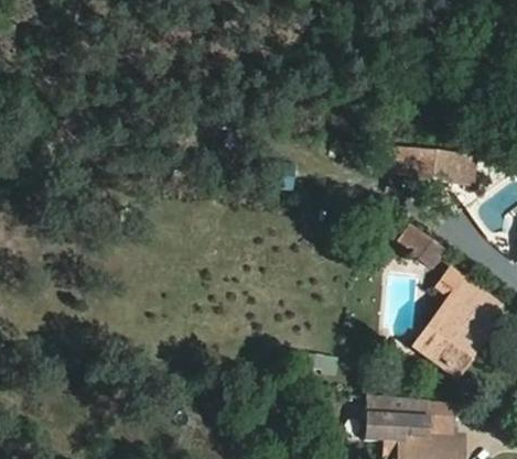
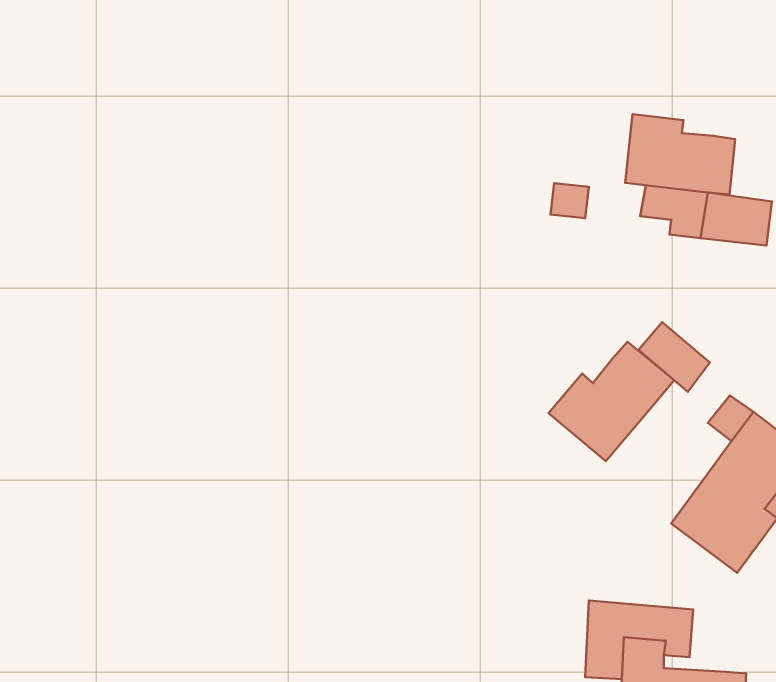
building: none -> [625,114,735,195]
building: none -> [549,342,674,461]
building: [411,400,451,437] -> none

